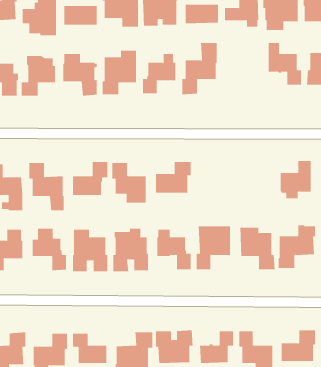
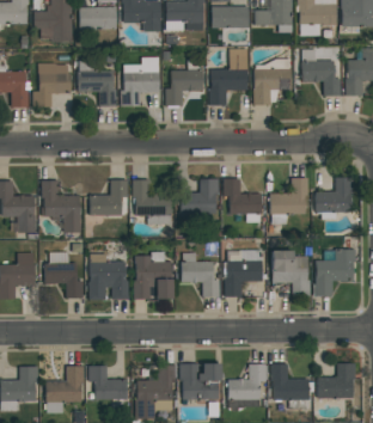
building: none -> [252,60,291,105]
building: none -> [269,178,307,225]
building: none -> [222,179,262,222]

